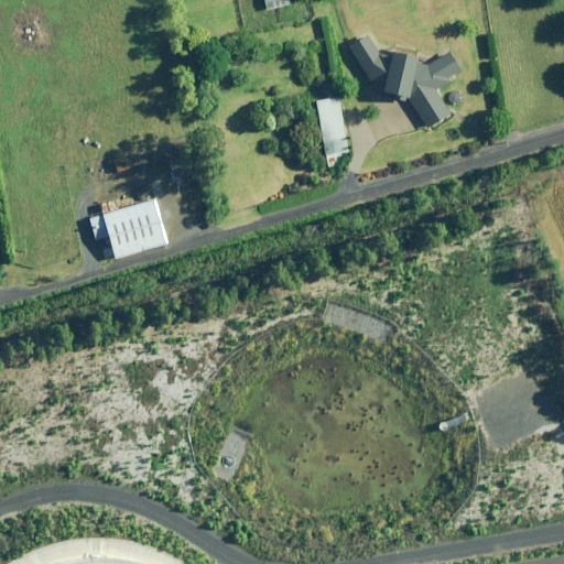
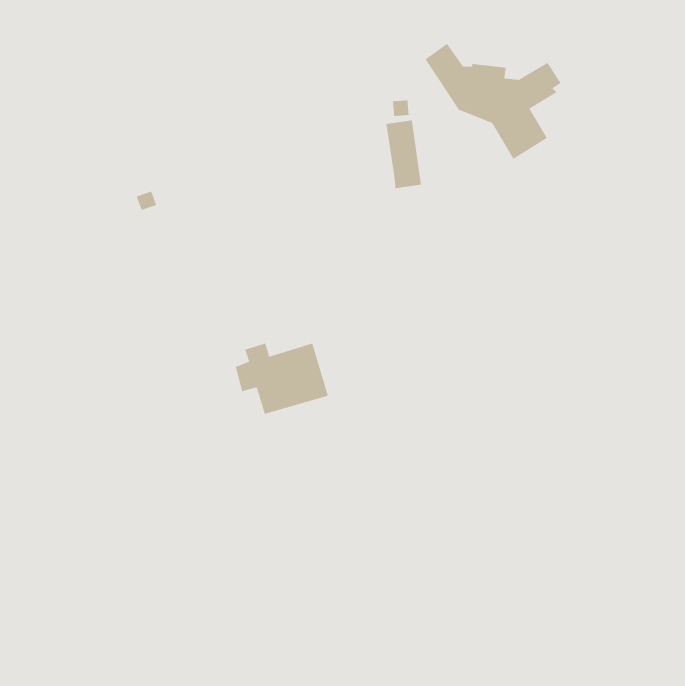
building: [90,199,167,259] -> [235,342,329,415]

